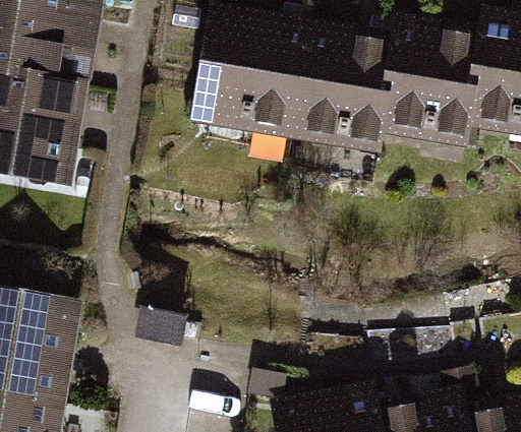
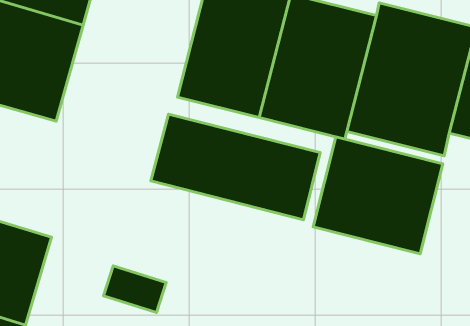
building: none -> [151,114,320,220]
building: none -> [313,137,443,254]

